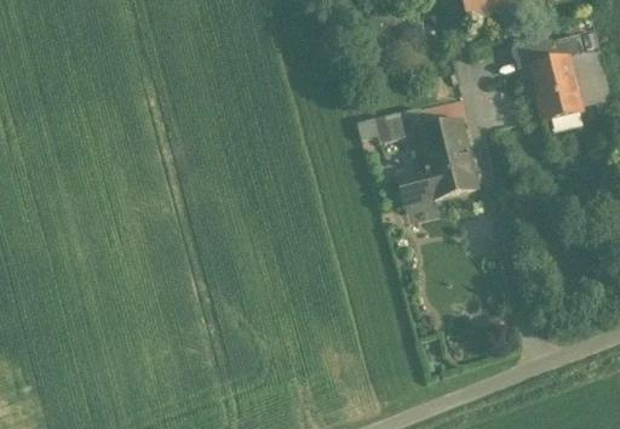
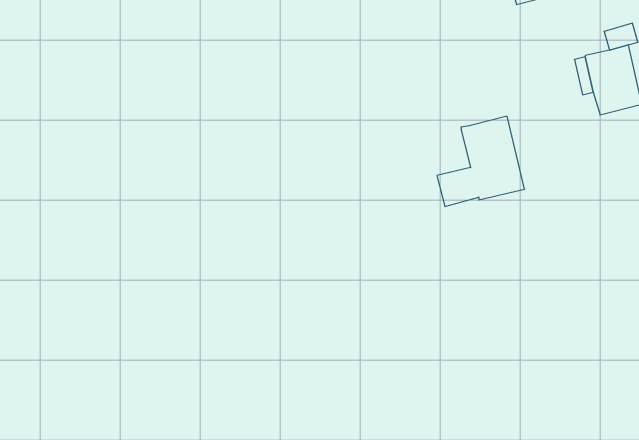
building: [375,104,430,142] -> none

